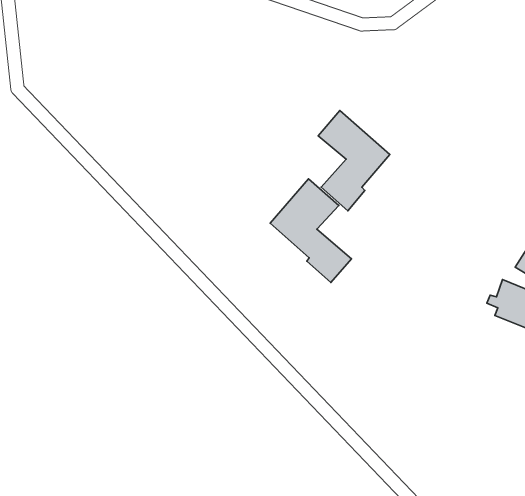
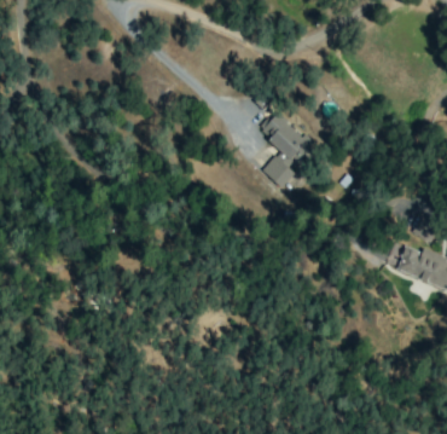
building: [270,179,351,283] -> none

